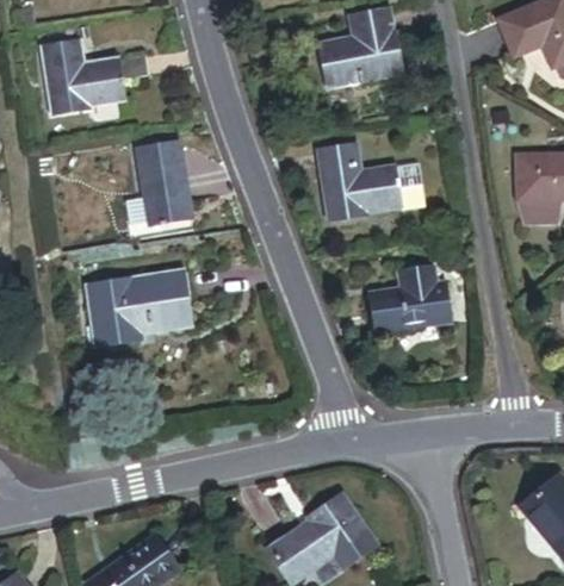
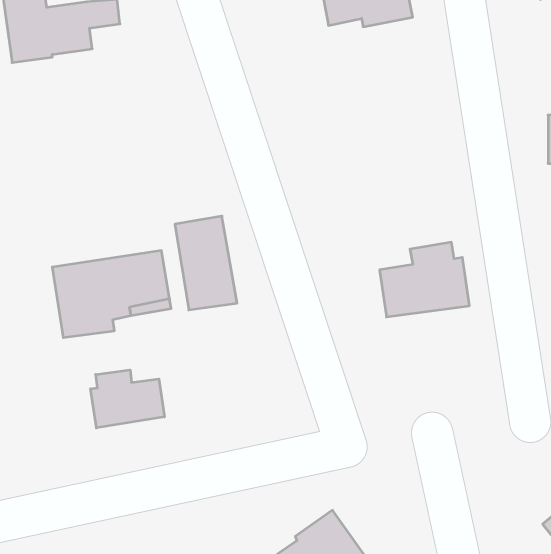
building: [138,139,192,220] -> [175,216,237,310]
building: [318,142,424,218] -> none
building: none -> [91,370,164,428]

